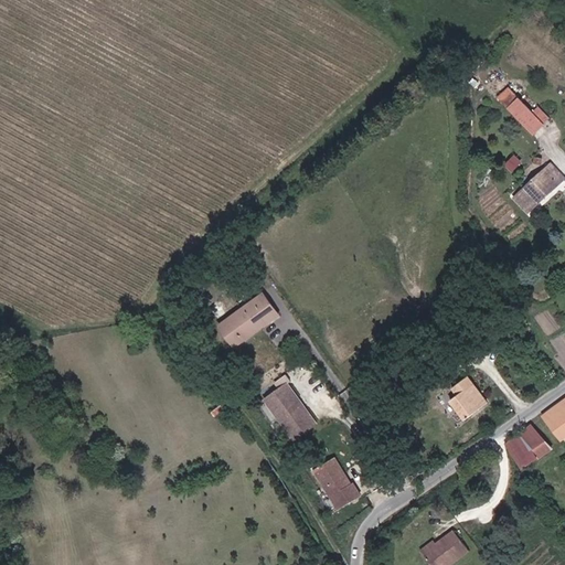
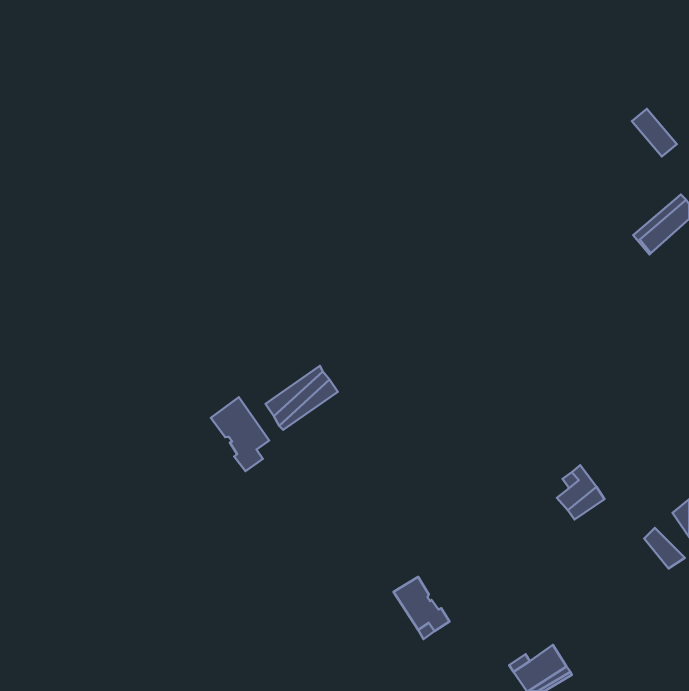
building: none -> [211,397,269,471]
building: [264,387,313,443] -> none
building: [508,437,542,471] -> none

